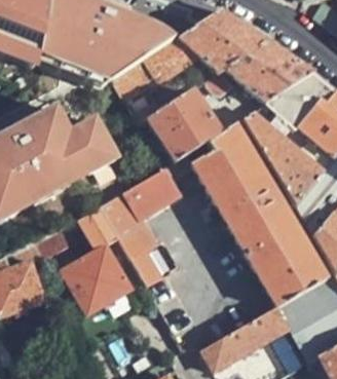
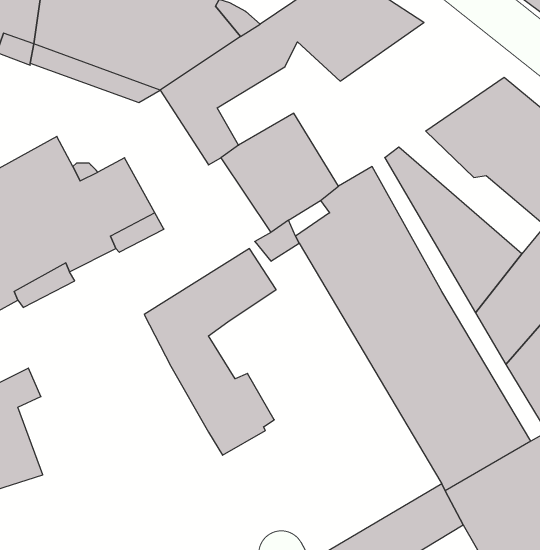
building: [209,38,312,101] -> none
building: [65,206,130,314] -> none

